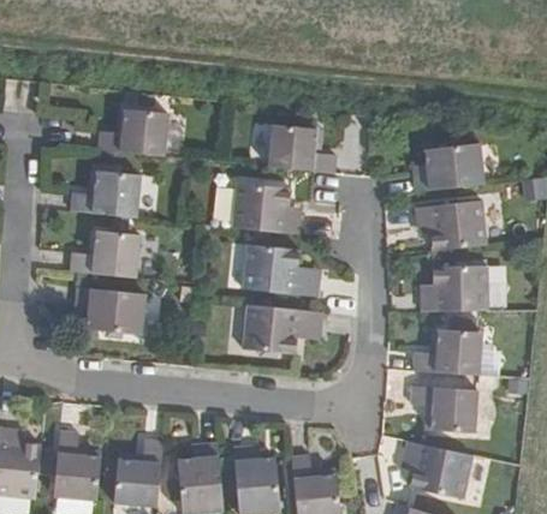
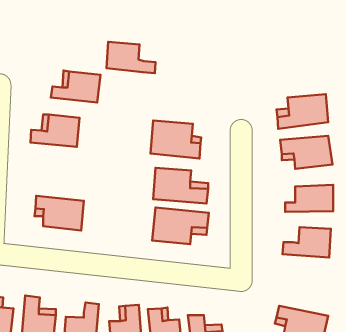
building: [262,126,332,171] -> [106,42,156,73]
building: [64,231,132,276] -> none
building: [421,384,487,430] -> none

